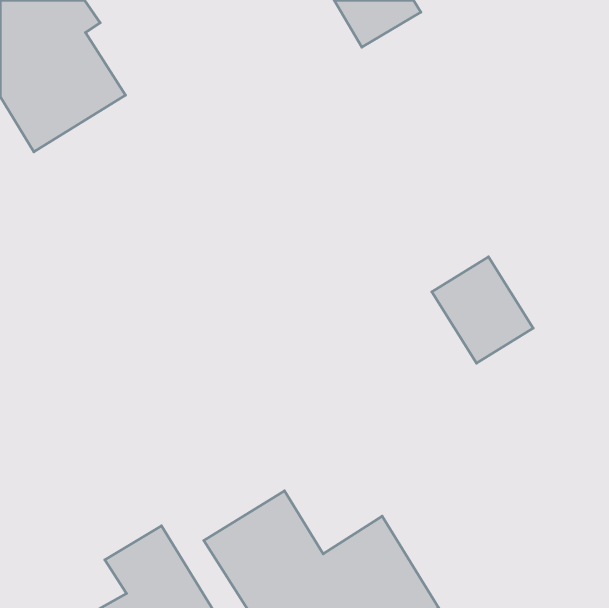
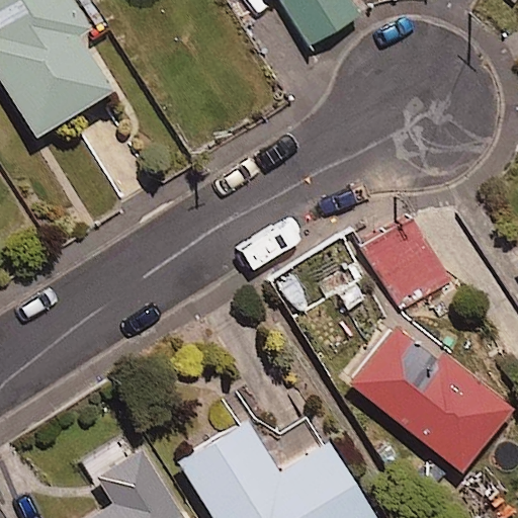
building: none -> [347,316,512,472]

